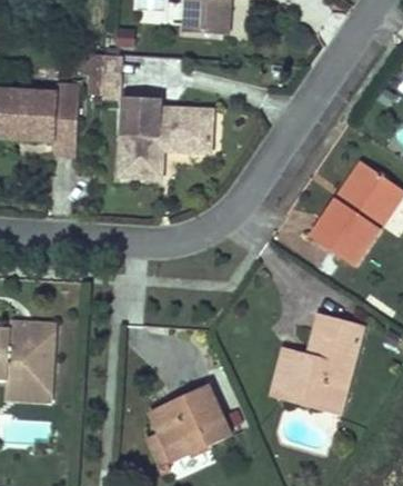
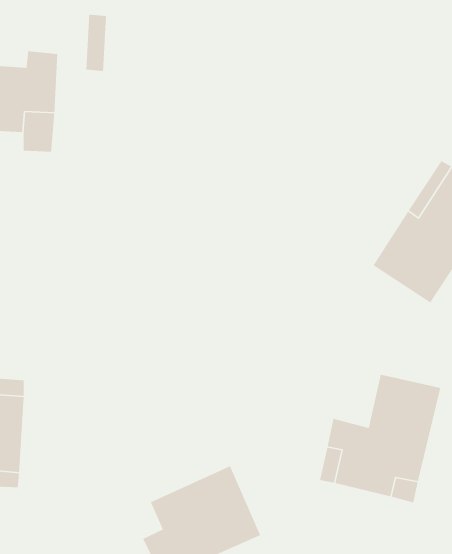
building: [118,96,212,176] -> none

